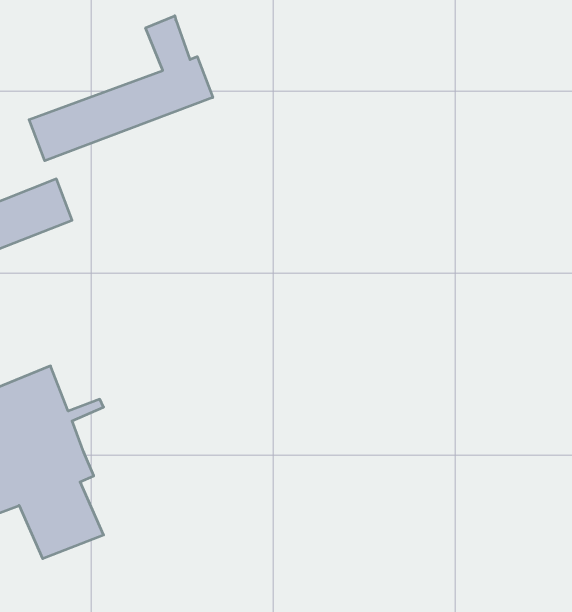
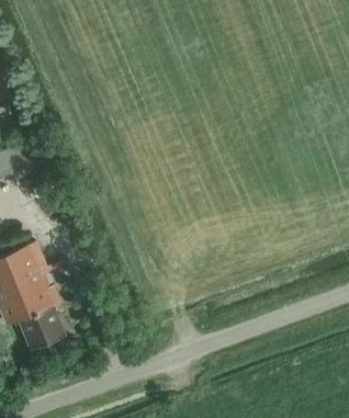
building: [29,16,213,161] -> none

